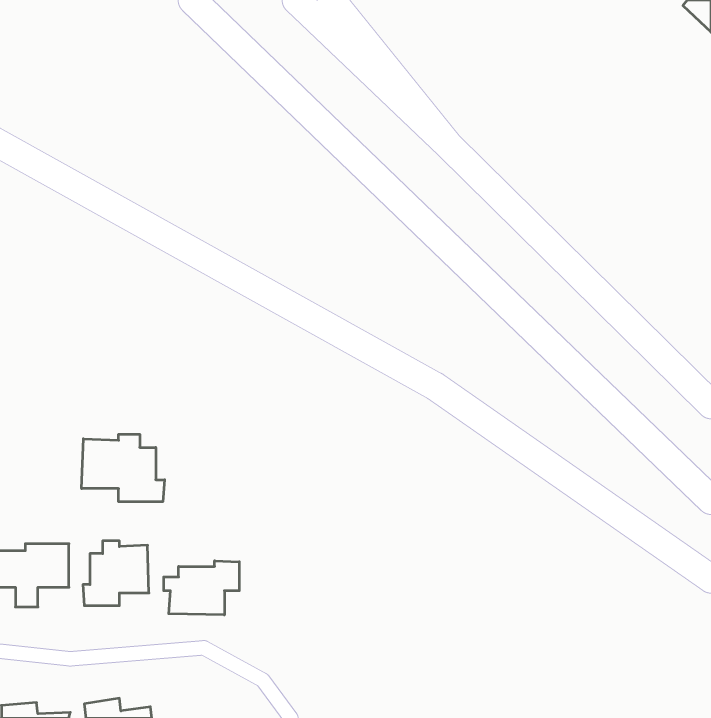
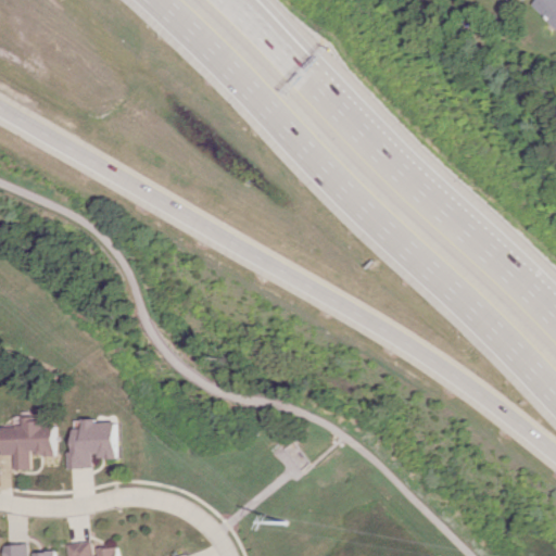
building: [82,434,165,502] -> none
building: [164,561,239,615] -> none

